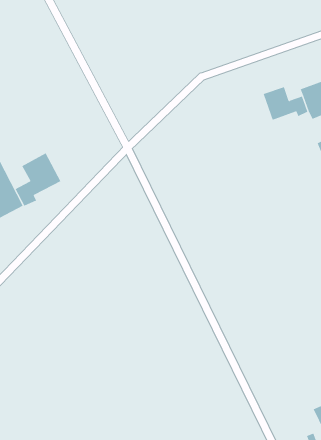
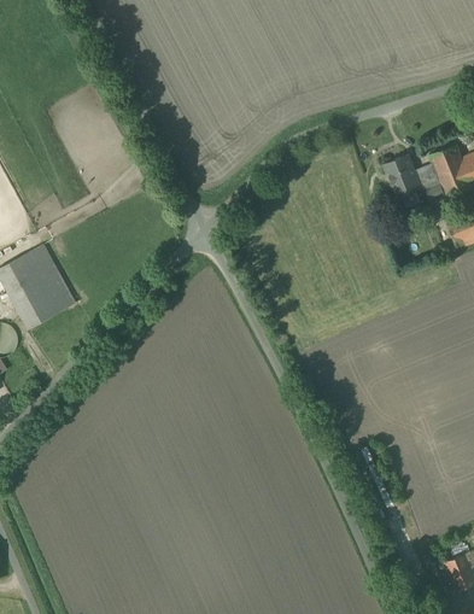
building: [15,153,61,206] -> none

